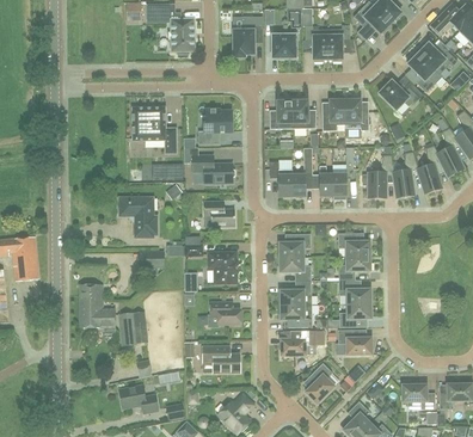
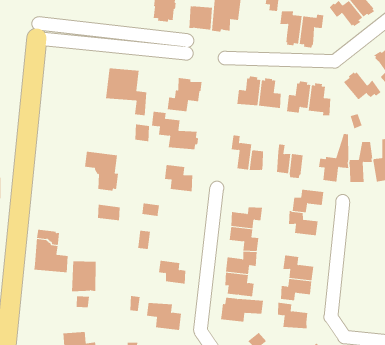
building: [271,33,296,59] -> [188,6,213,30]
building: [209,252,238,282] -> none
building: [339,256,370,279] -> [292,189,324,213]

